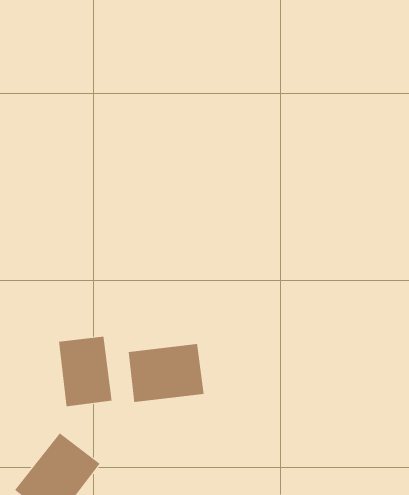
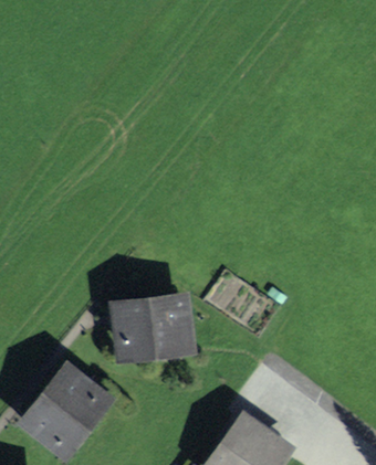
building: [58,336,112,407] -> none

